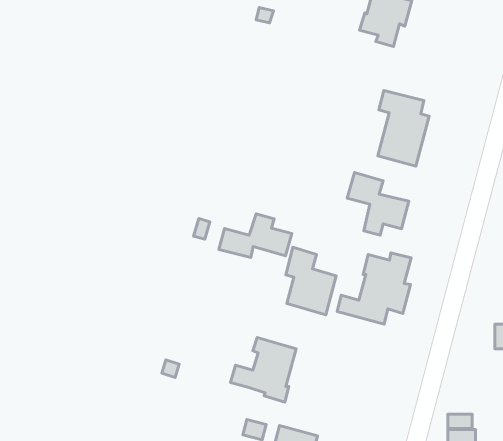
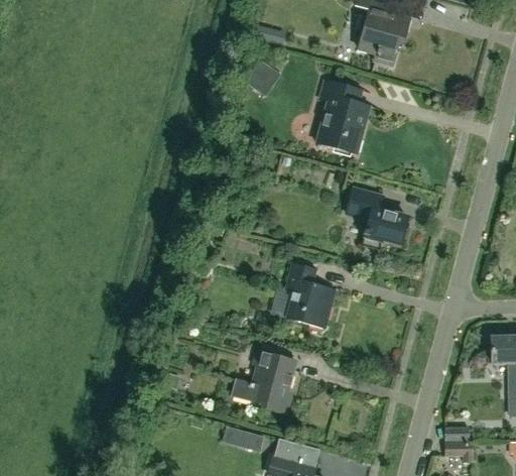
building: [378,90,429,166] -> [317,79,368,153]
building: [219,214,292,258] -> none
building: [337,253,411,324] -> none

